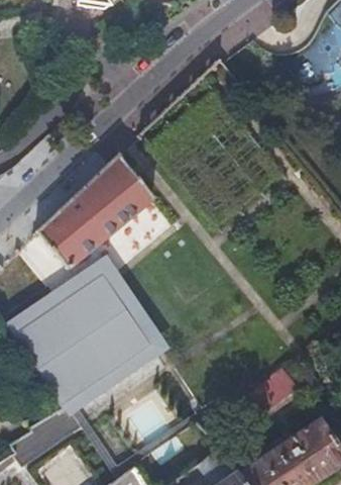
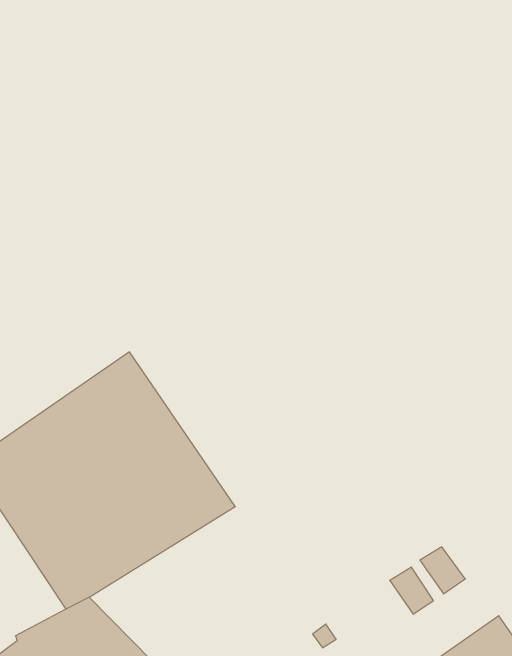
building: [32,161,148,270] -> none

